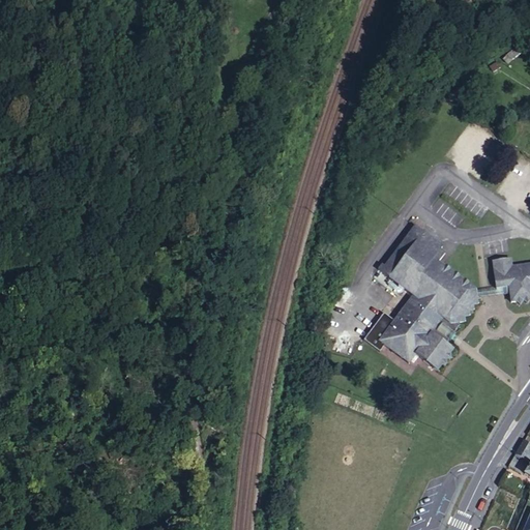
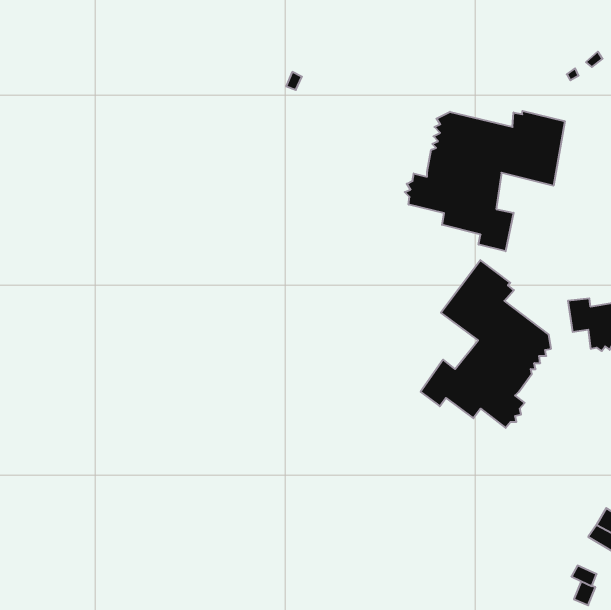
building: none -> [405,111,565,251]

